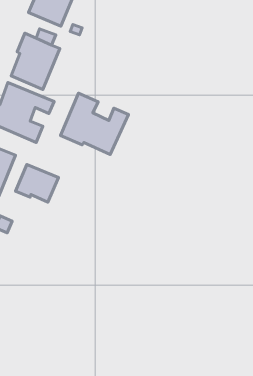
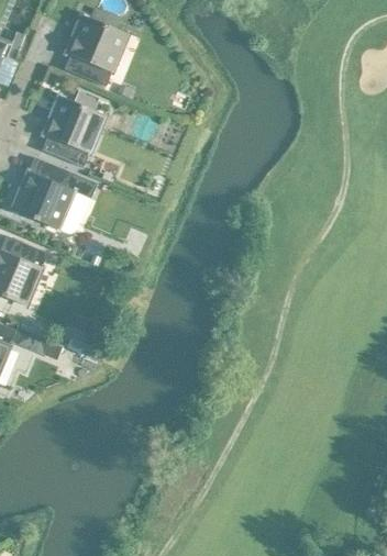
building: [60,93,128,154] -> none
building: [16,164,58,202] -> none

